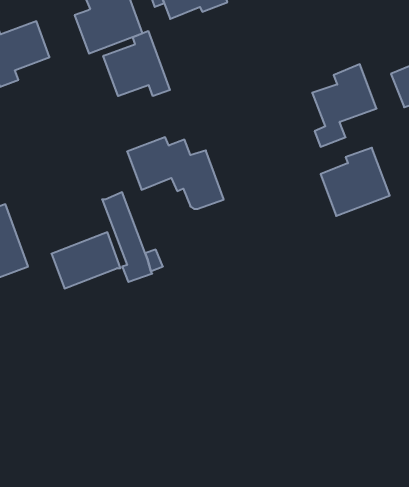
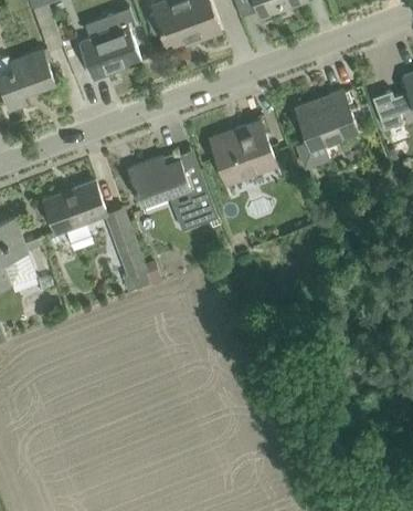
building: [103,31,170,96] -> none
building: [321,148,390,216] -> [211,121,275,184]
building: [51,232,121,288] -> [42,181,106,233]

